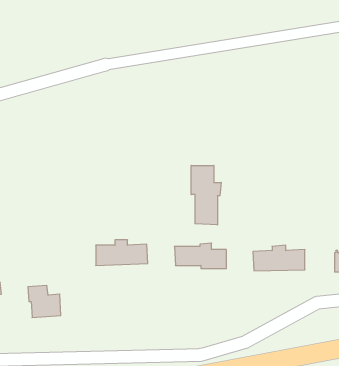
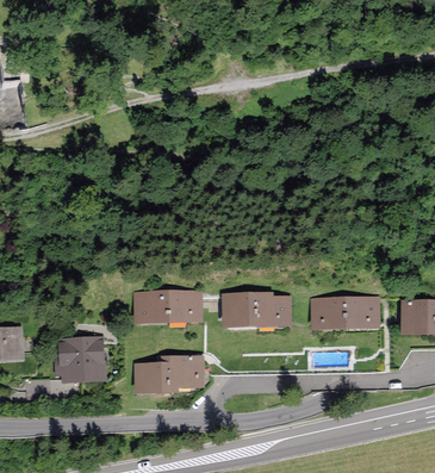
building: [191,165,221,225] -> none
building: none -> [141,357,199,390]

